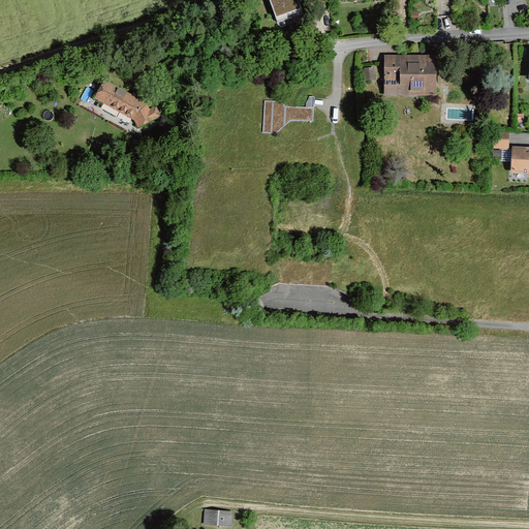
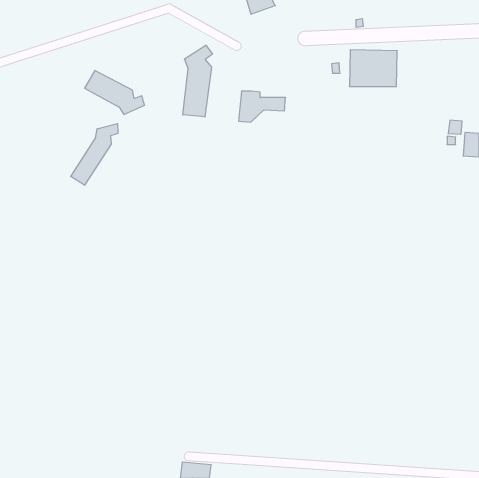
building: none -> [183,45,212,117]
building: none -> [71,124,118,185]

